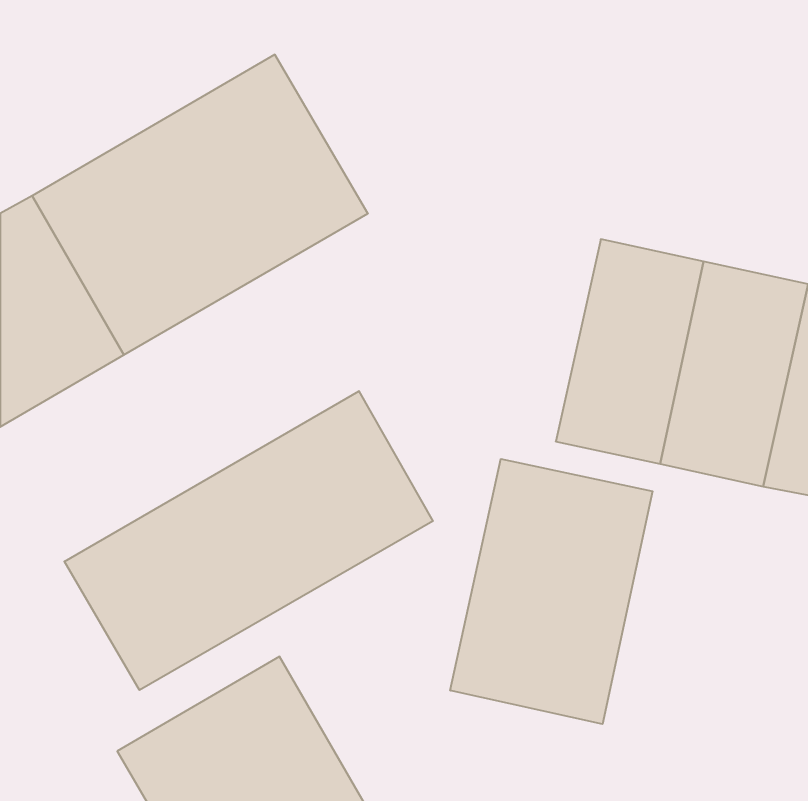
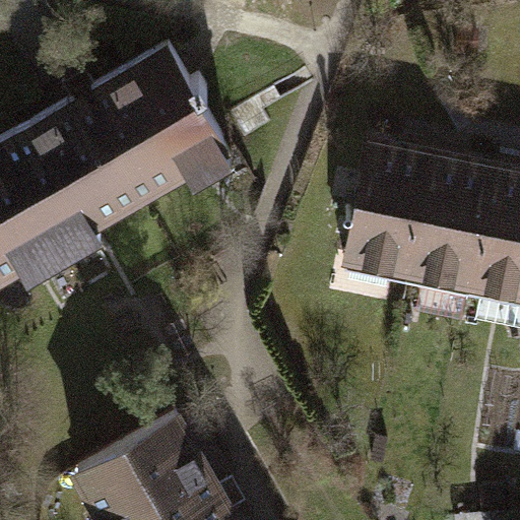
building: [64,391,433,690] -> none
building: [450,459,653,724] -> none

